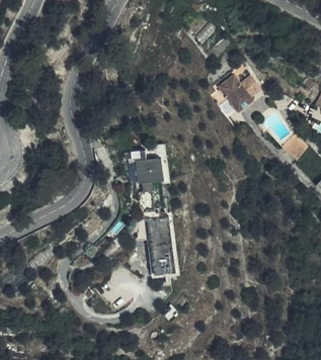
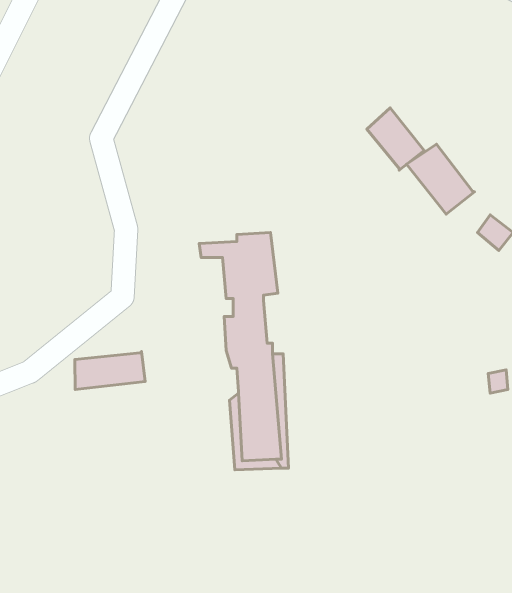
building: none -> [407,144,474,214]
building: none -> [75,351,145,390]

